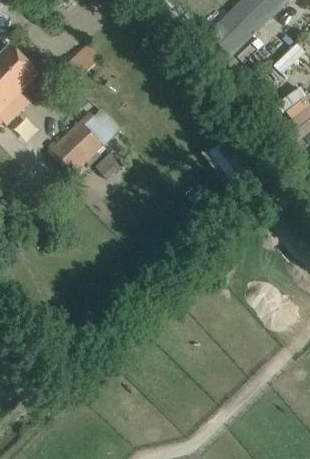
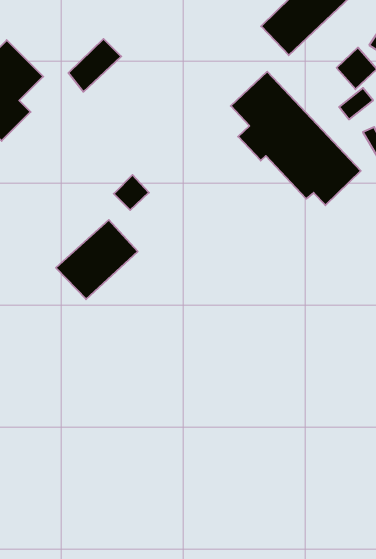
building: none -> [231,72,361,205]
building: [48,109,113,172] -> [56,220,138,299]

